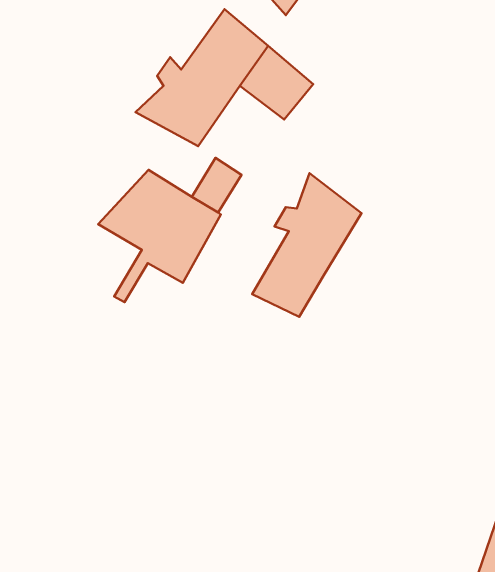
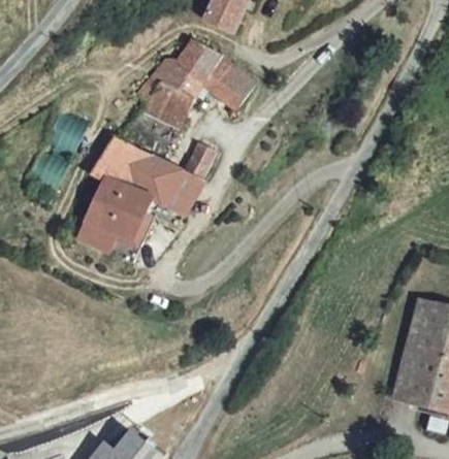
building: none -> [79,135,149,259]
building: [252,173,361,317] -> none

